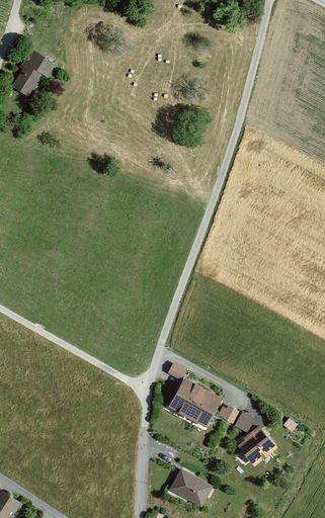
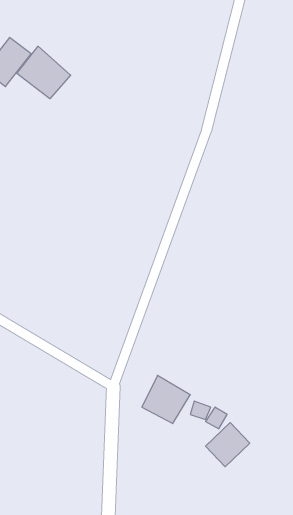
building: none -> [17,46,71,99]
building: [168,470,210,508] -> none

